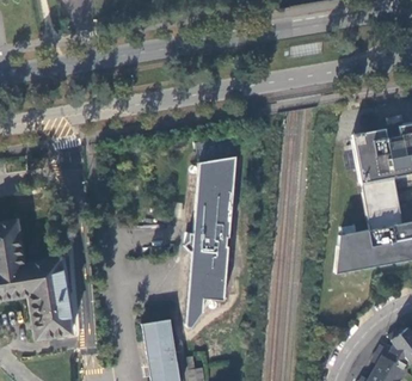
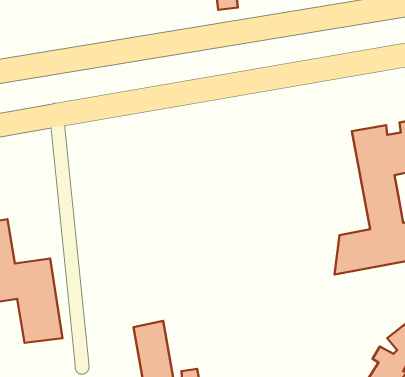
building: [186,155,239,326] -> none

